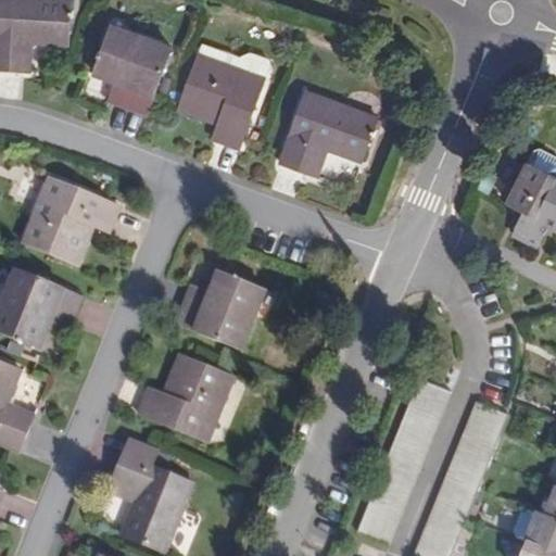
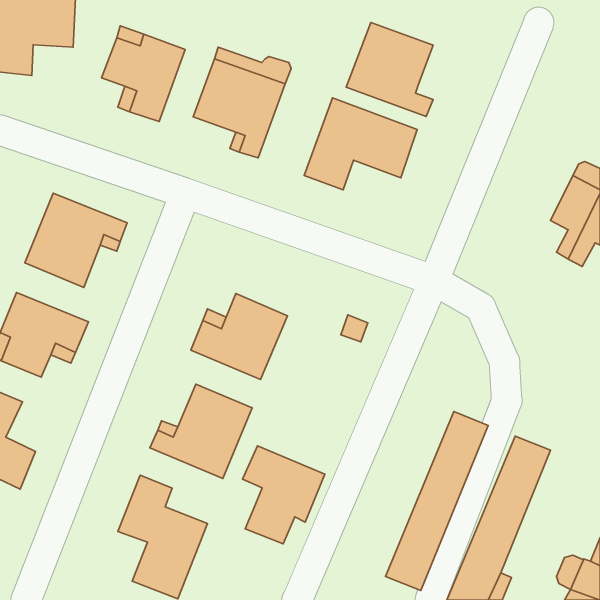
building: none -> [346,23,433,116]
building: none -> [243,446,325,544]

